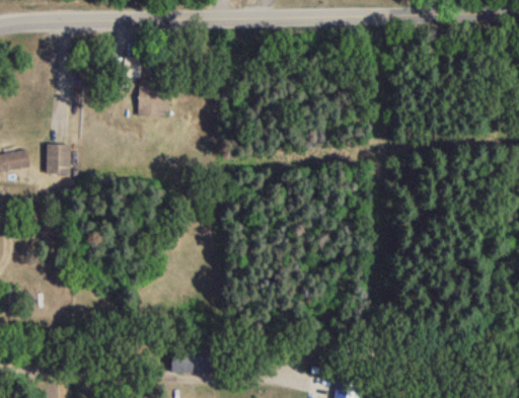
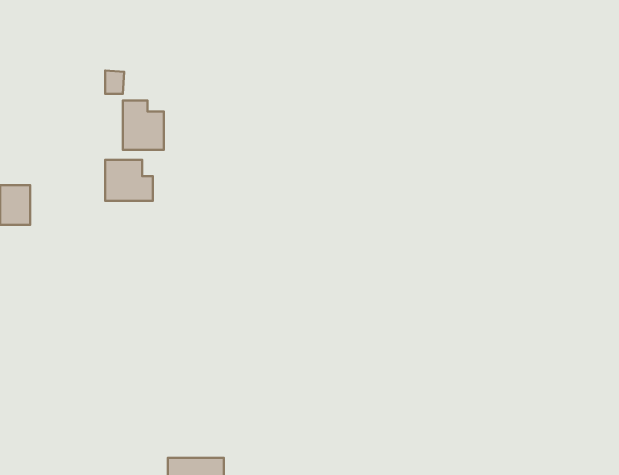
building: none -> [105,160,153,201]

